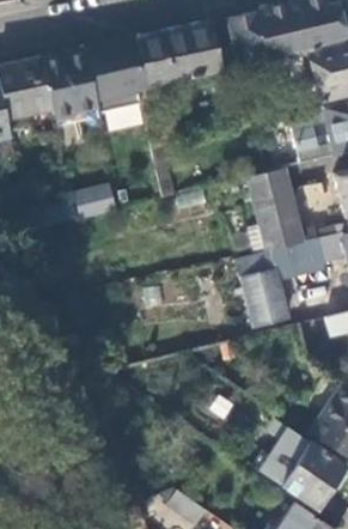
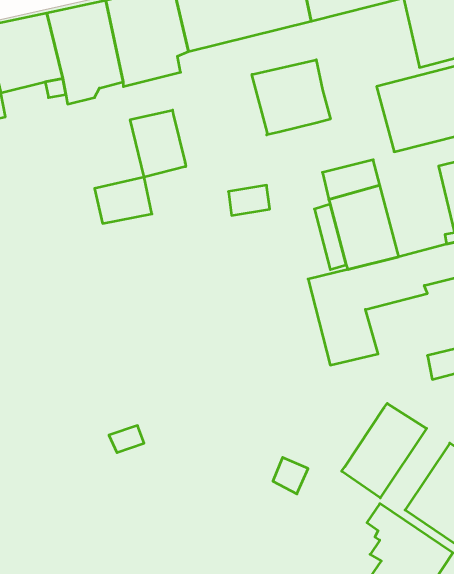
building: none -> [252,60,330,135]
building: none -> [130,110,186,177]
building: none -> [342,403,427,498]

